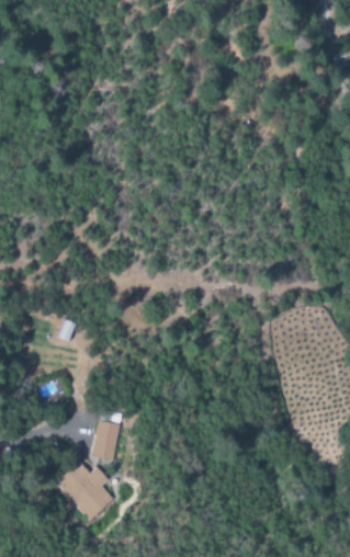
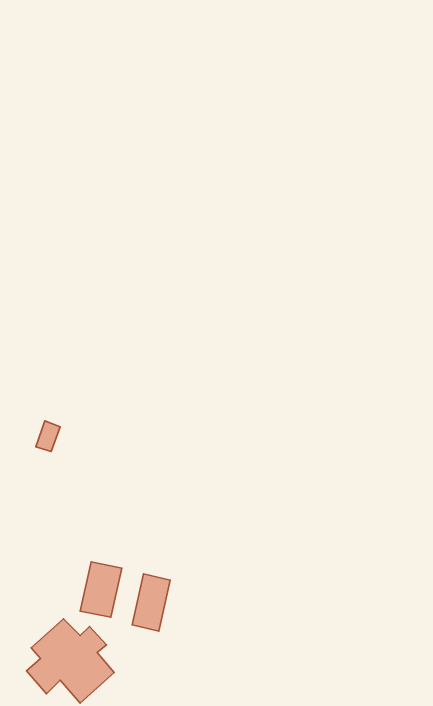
building: none -> [132,574,170,631]

